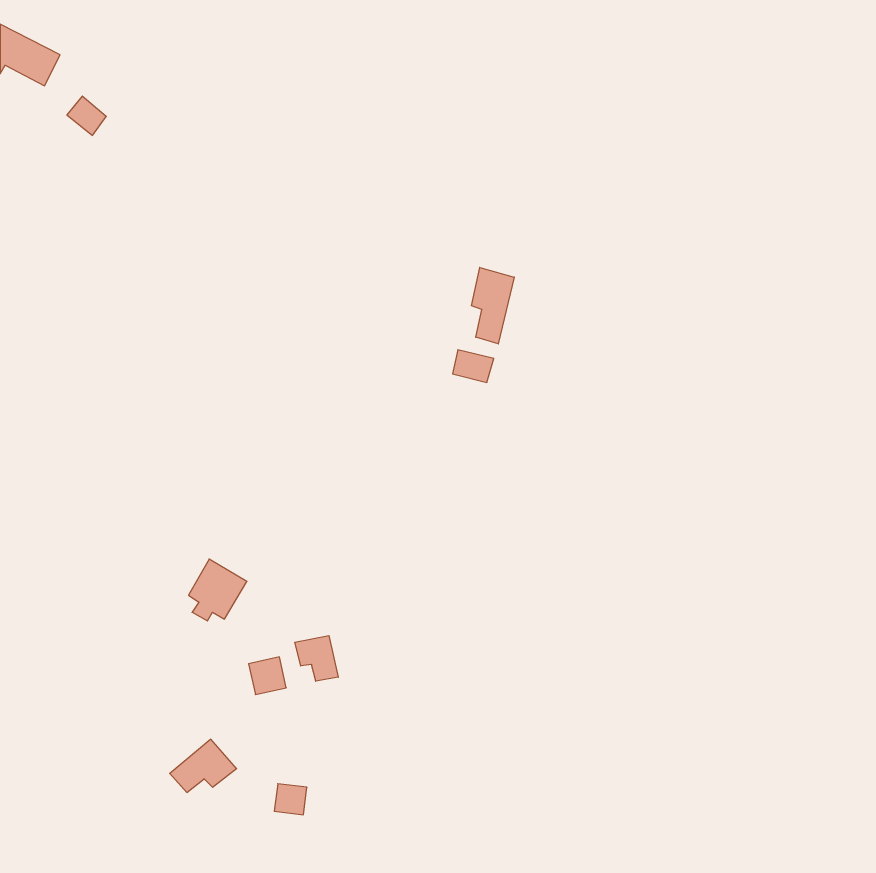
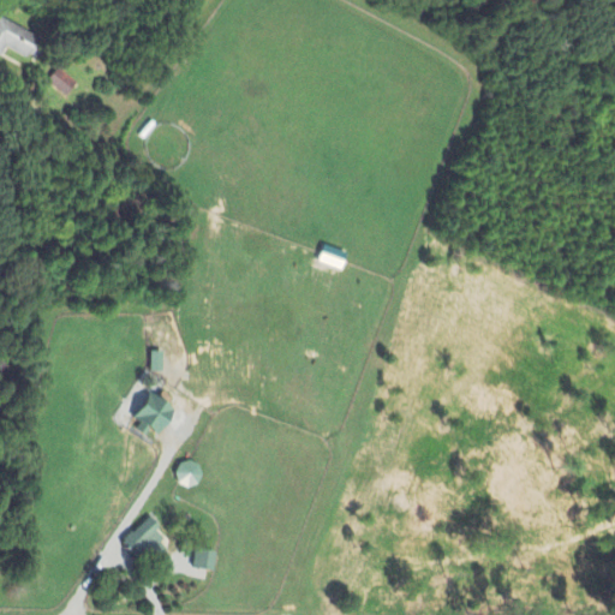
building: [471,267,514,344] -> none
building: [295,636,338,681] -> none

